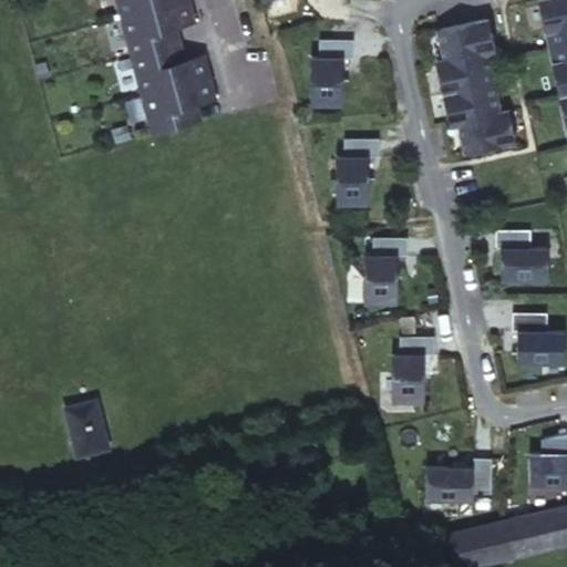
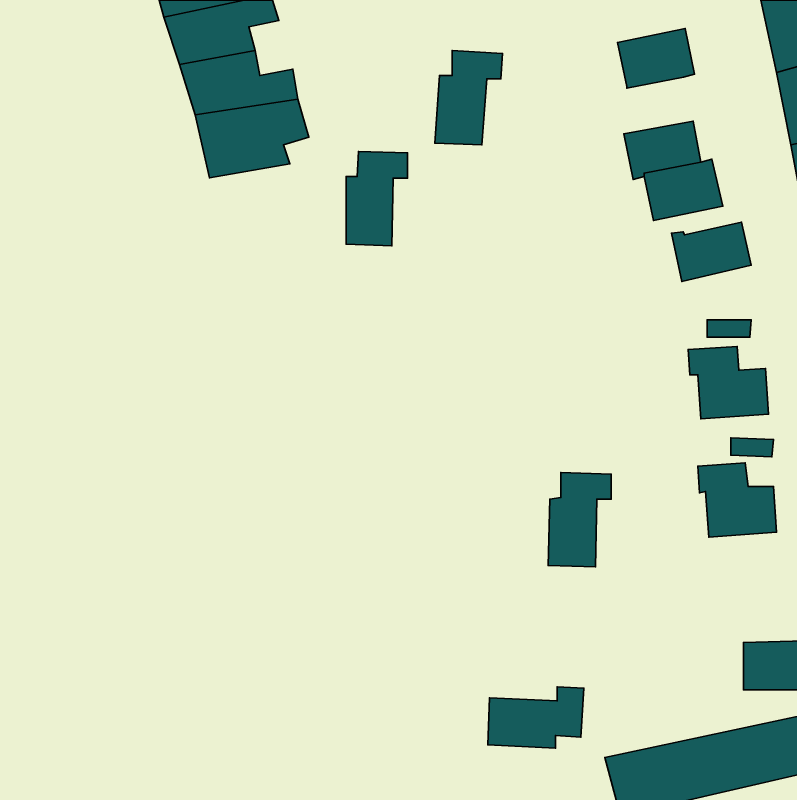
building: [437,58,493,97] -> none
building: [339,137,382,204] -> [346,151,407,246]
building: none -> [672,222,751,281]
building: [365,236,409,302] -> none
building: [62,398,105,456] -> none
building: [423,457,491,501] -> [488,687,584,748]

